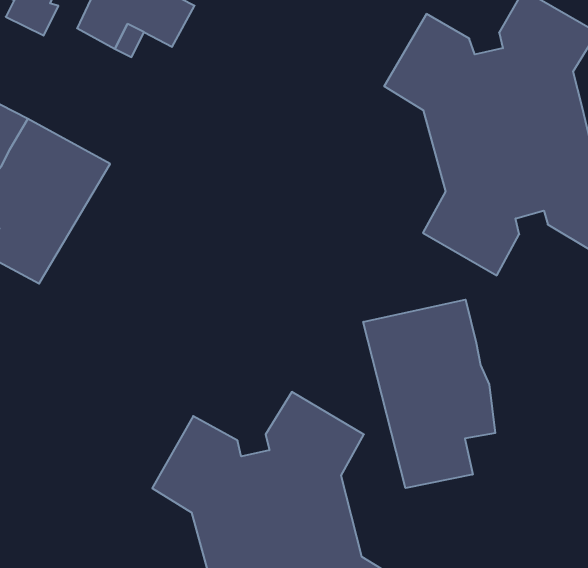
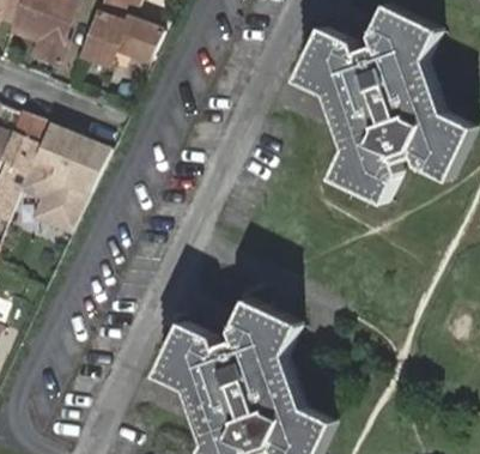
building: [363,300,495,488] -> none

